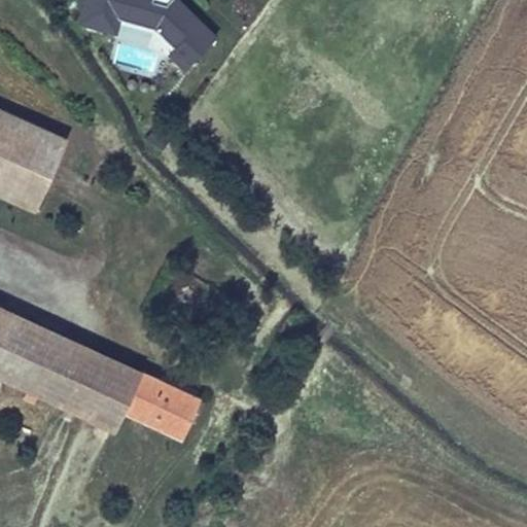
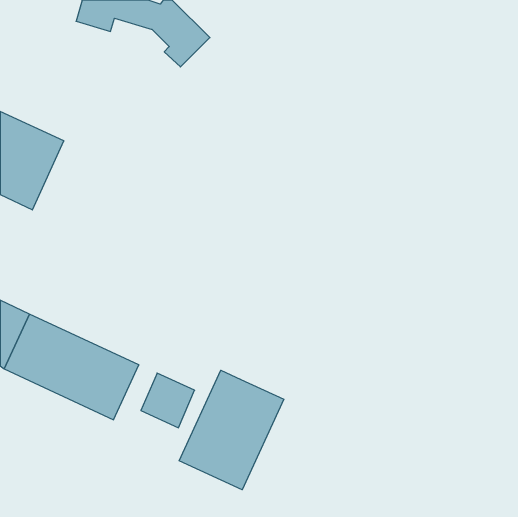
building: [124,372,160,418] -> none
building: none -> [179,370,284,490]

